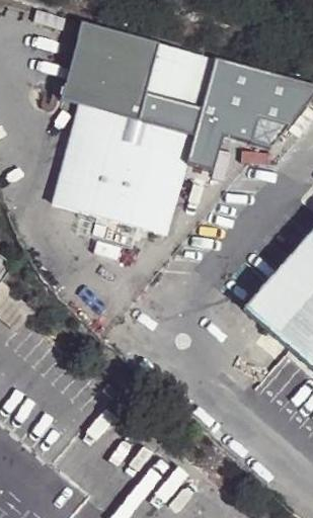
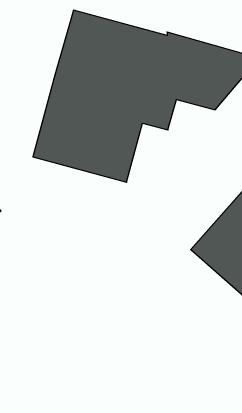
building: [59,17,101,101] -> none

